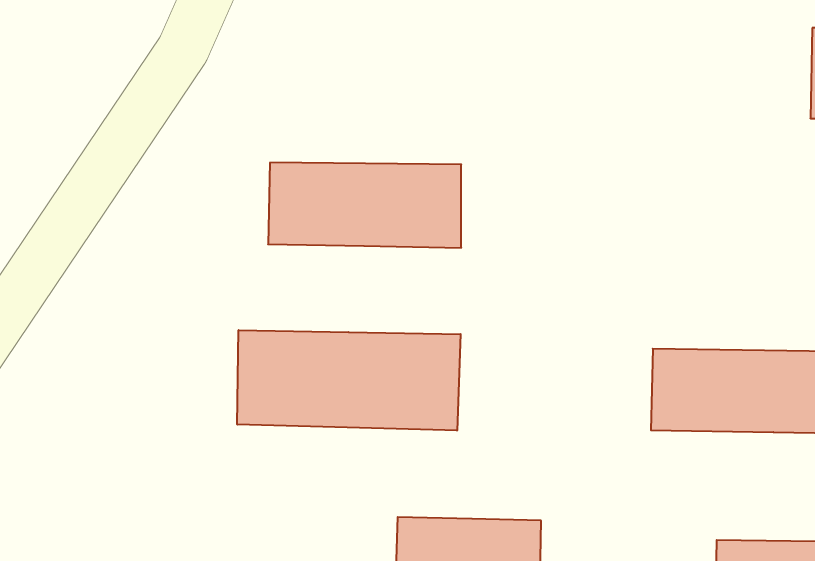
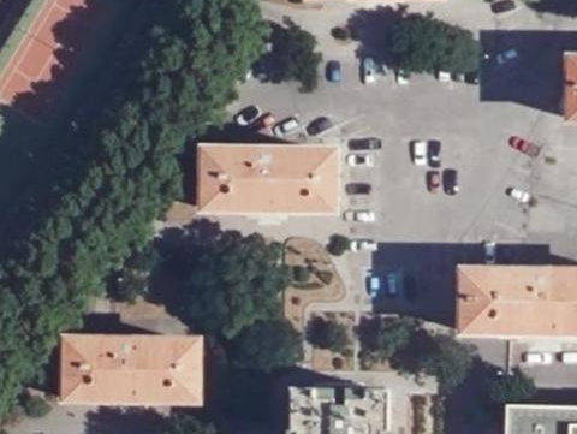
building: [237,330,461,431] -> none
building: none -> [63,338,194,398]

